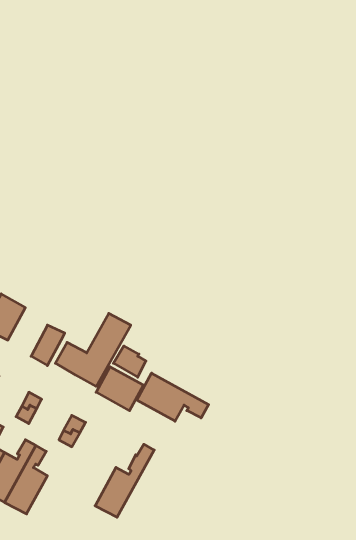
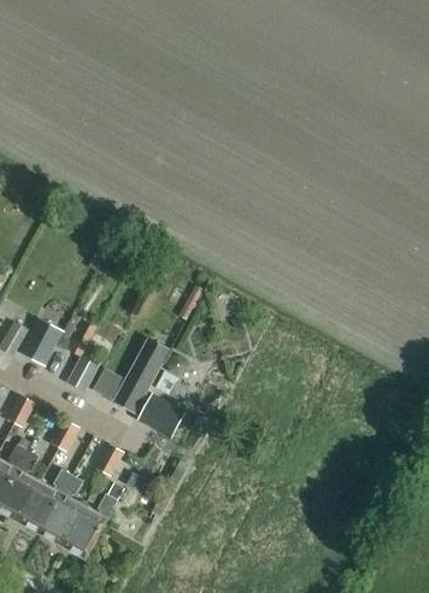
building: [137,373,209,421] -> none
building: [95,444,154,517] -> [64,481,125,557]

